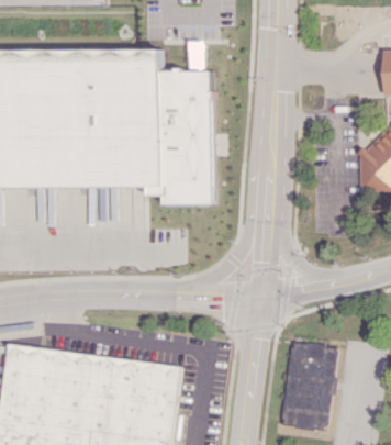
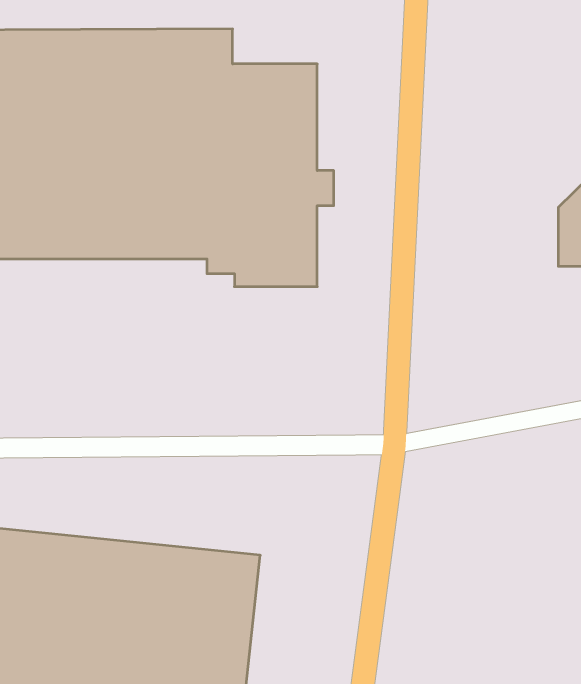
building: [282,342,339,431] -> none

